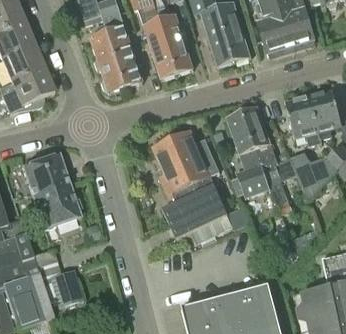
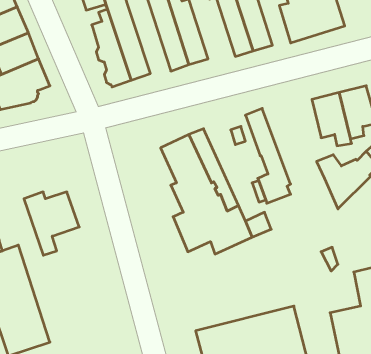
building: [242,106,297,215] -> none
building: [23,154,69,192] -> none
building: [50,270,83,307] -> none

